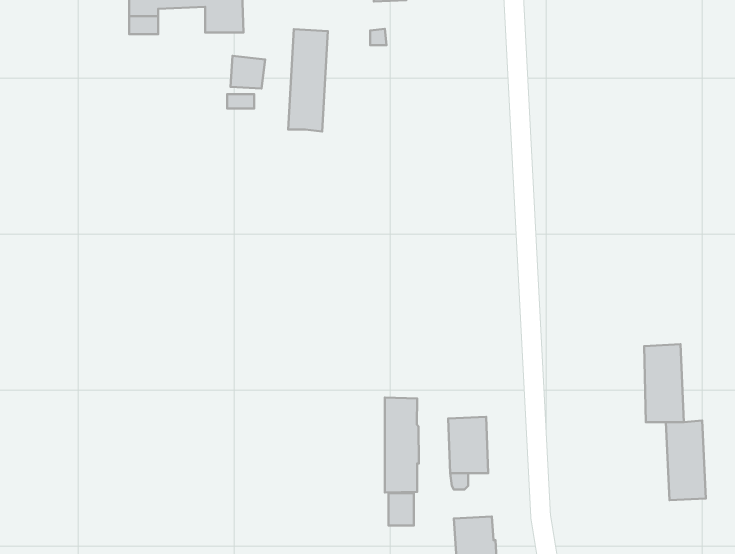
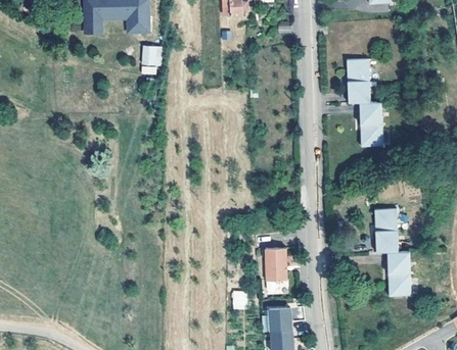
building: [288,29,328,132] -> none
building: none -> [348,59,382,146]
building: [385,397,419,493] -> none

